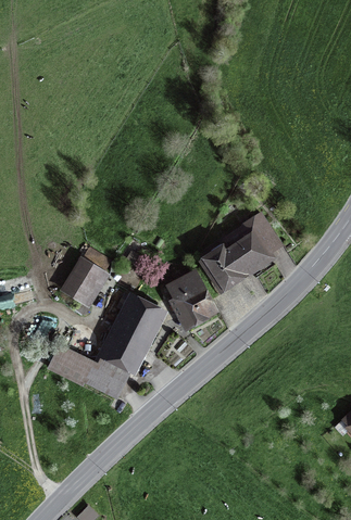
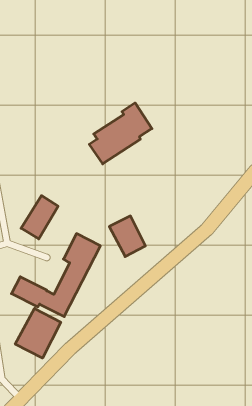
building: [204,212,281,287] -> [89,103,152,164]
building: none -> [15,308,61,358]

